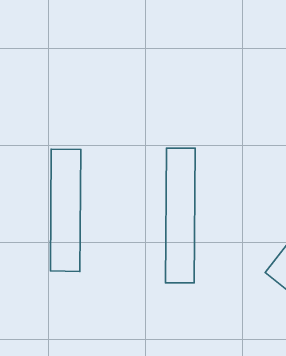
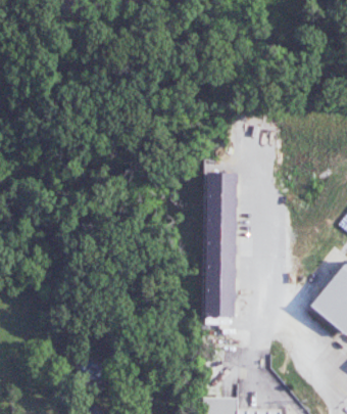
building: [50,149,81,271] -> none

